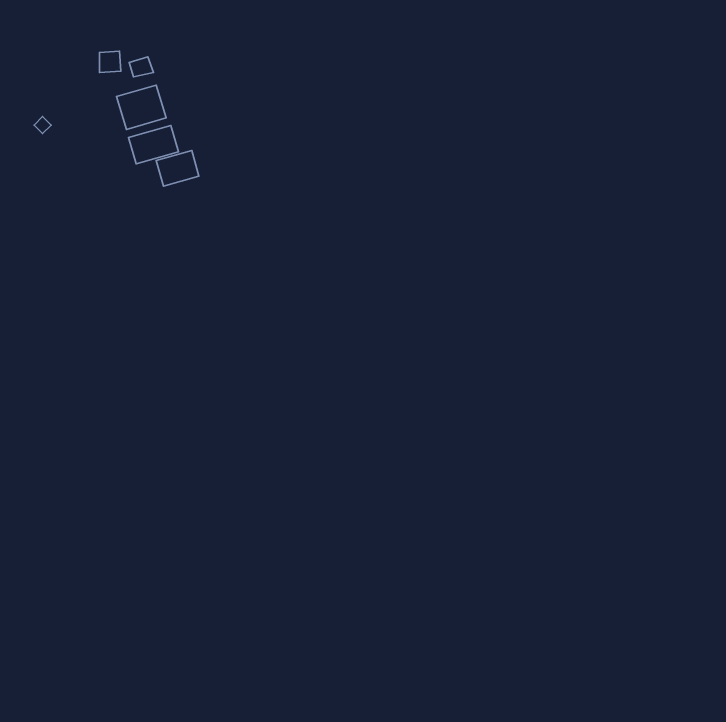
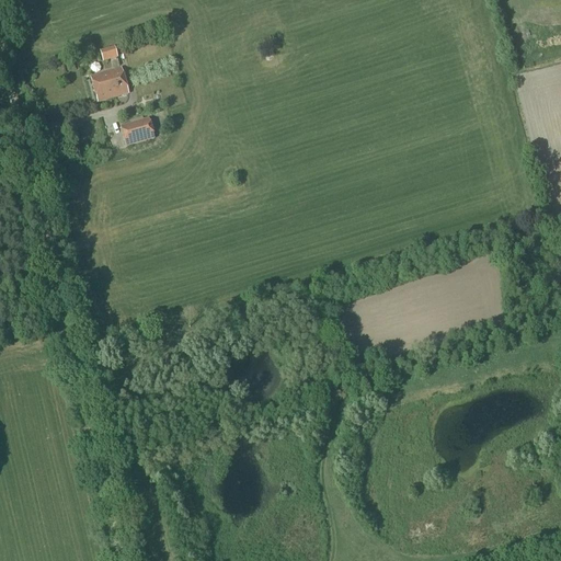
building: [128,125,179,164] -> none

